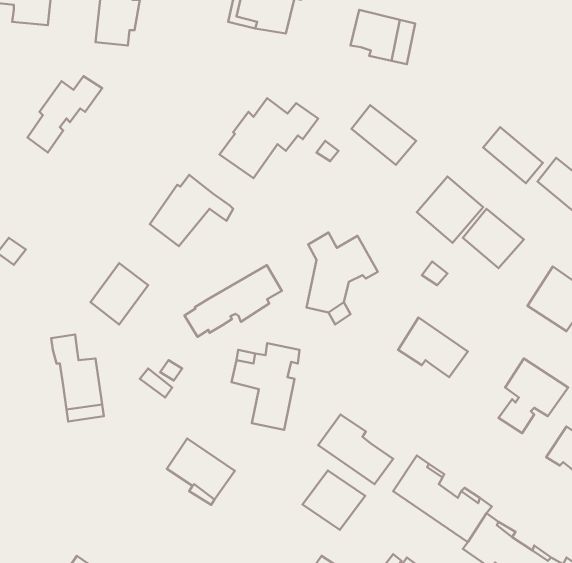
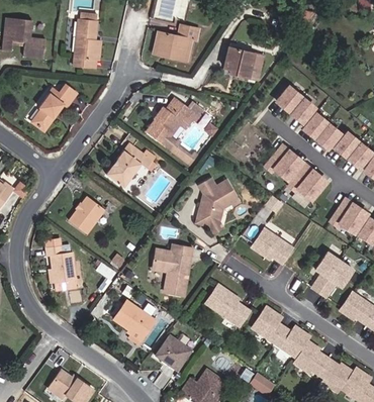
building: [351,105,416,165] -> [277,86,315,121]
building: [184,265,282,337] -> none
building: [302,470,365,530] -> [156,334,193,370]

